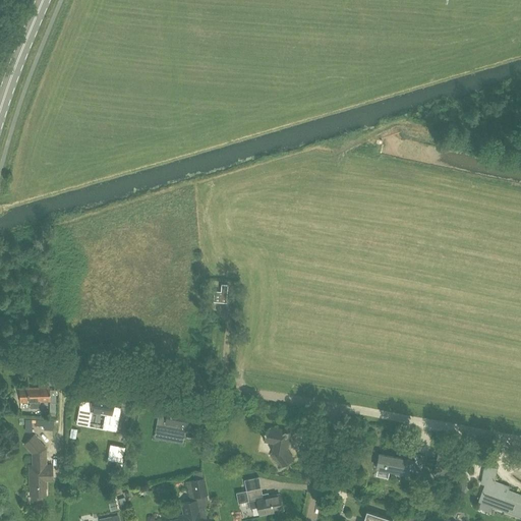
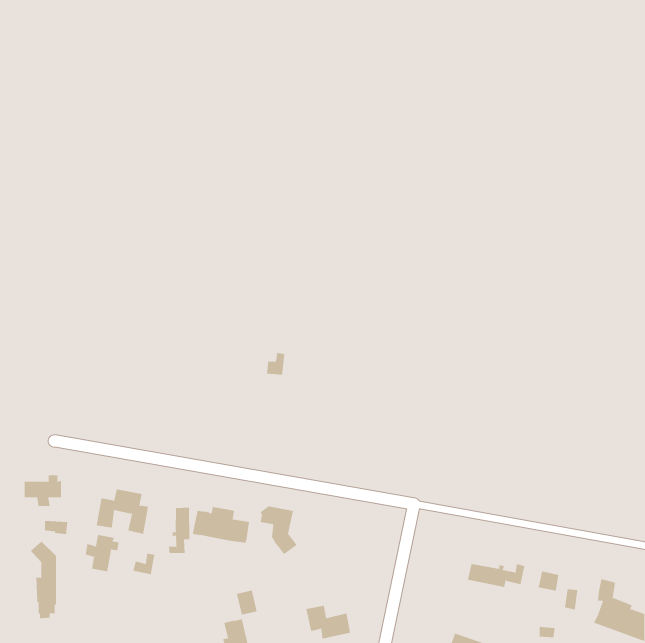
building: none -> [168,507,190,554]
building: [264,428,294,468] -> [260,506,298,555]
building: none -> [85,534,119,572]

